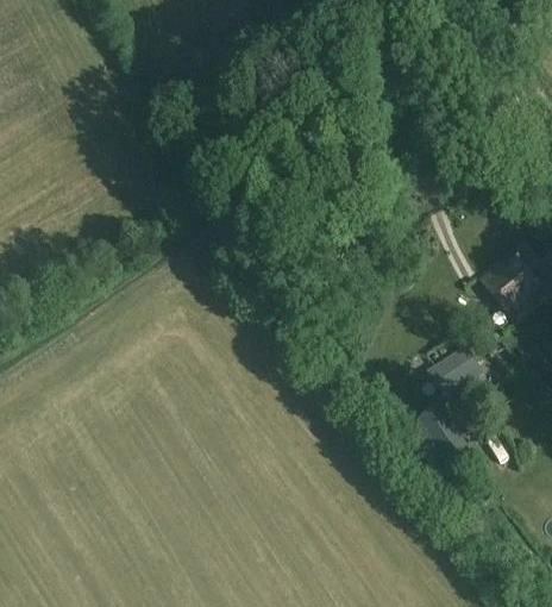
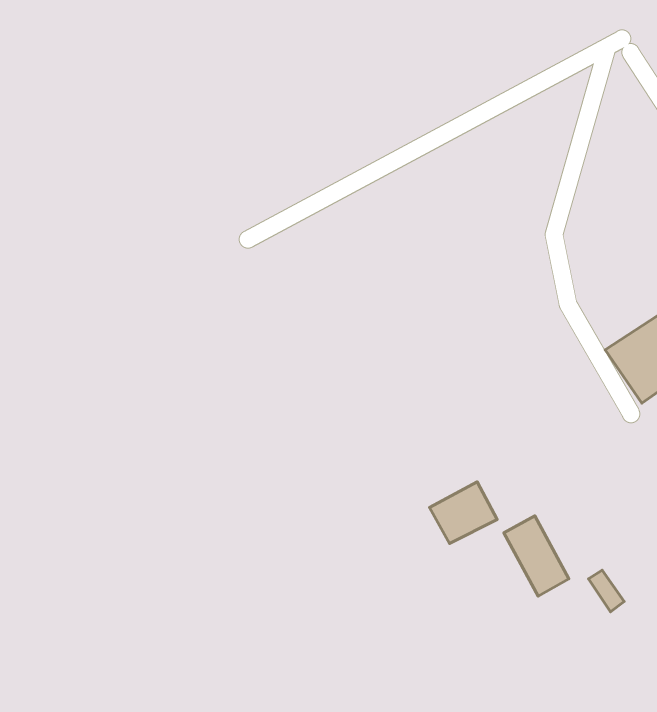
building: [429,346,479,393] -> [429,482,497,543]

